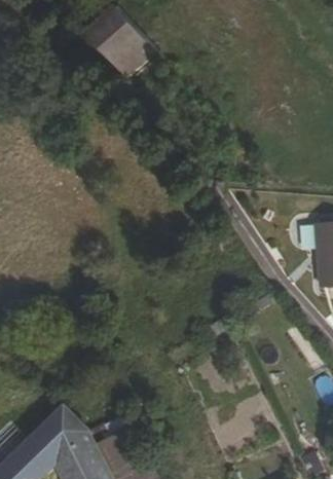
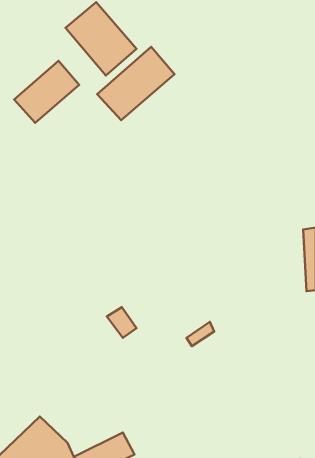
building: none -> [97,47,175,120]
building: none -> [14,61,79,123]

